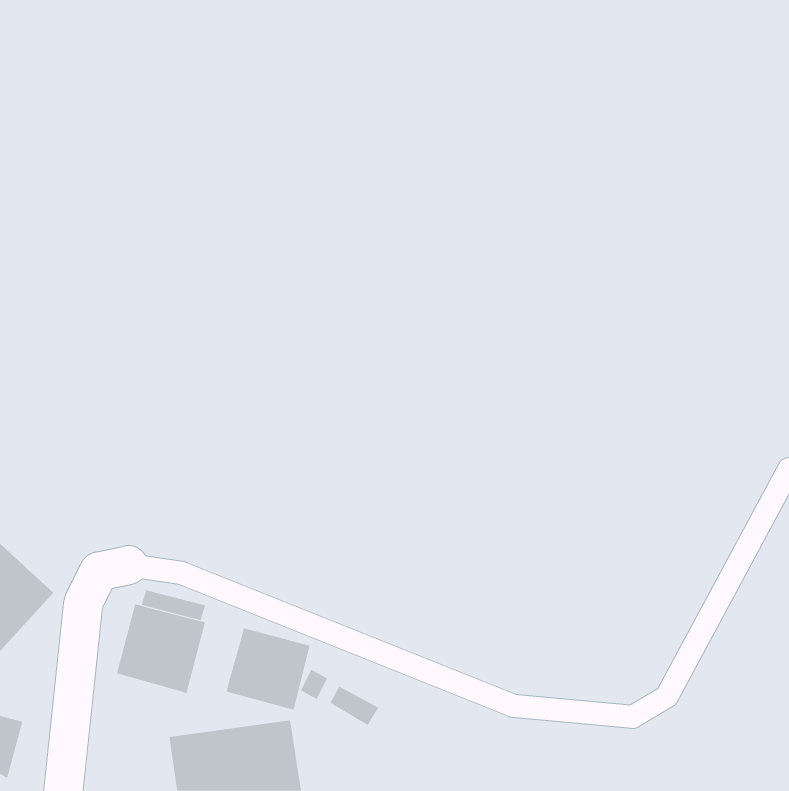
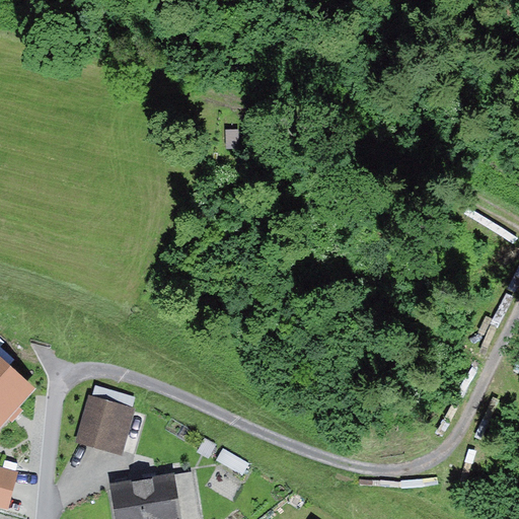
building: [226,627,310,710] -> none

